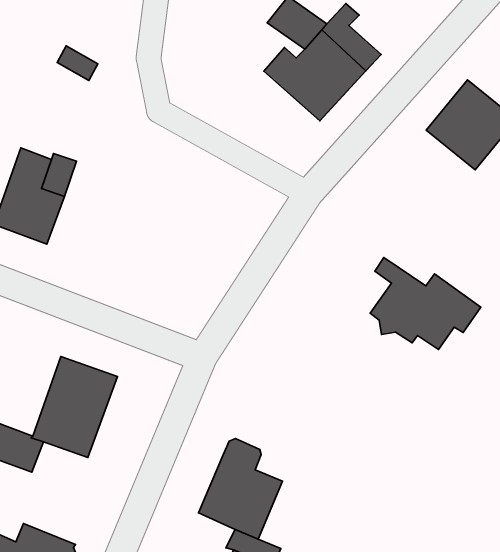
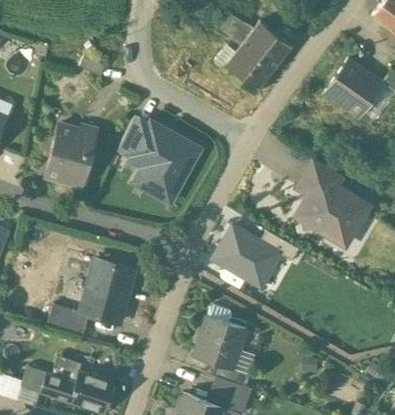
building: none -> [119,117,203,205]
building: none -> [302,159,343,195]
building: none -> [211,221,285,287]

